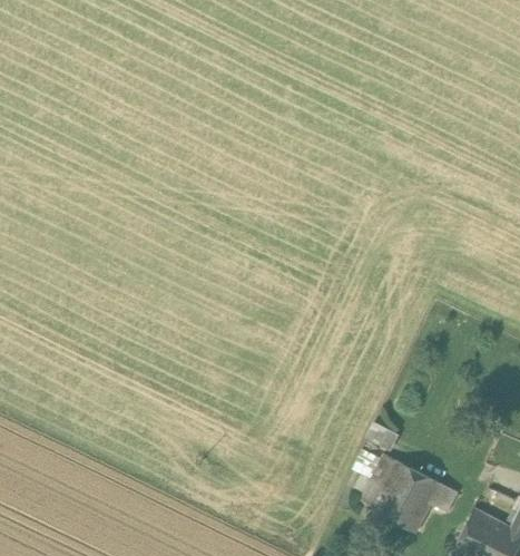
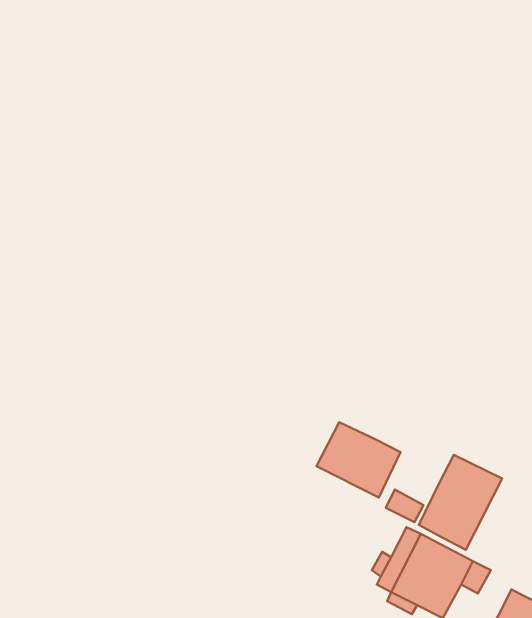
building: none -> [317,422,401,497]
building: none -> [419,455,502,550]

